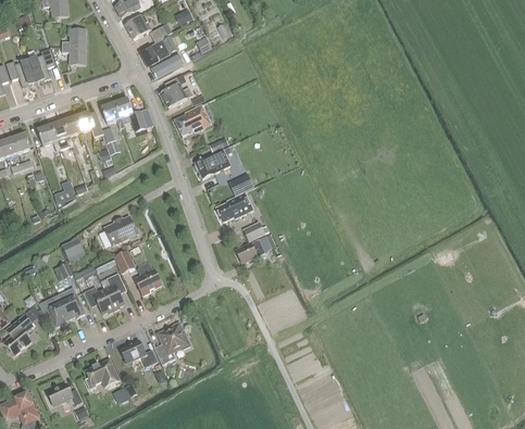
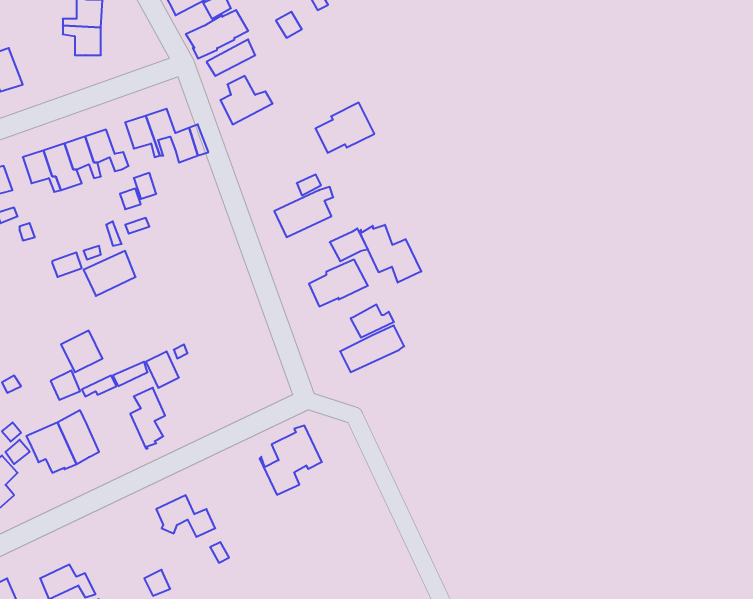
building: [27,48,53,83] -> none
building: [173,103,210,135] -> [315,103,374,153]
building: none -> [360,225,421,283]
building: [103,216,136,244] -> [84,251,136,296]
building: [134,263,161,295] -> none
building: [84,286,113,314] -> none
building: [150,321,189,365] -> [260,426,322,495]
building: [84,358,118,389] -> none

